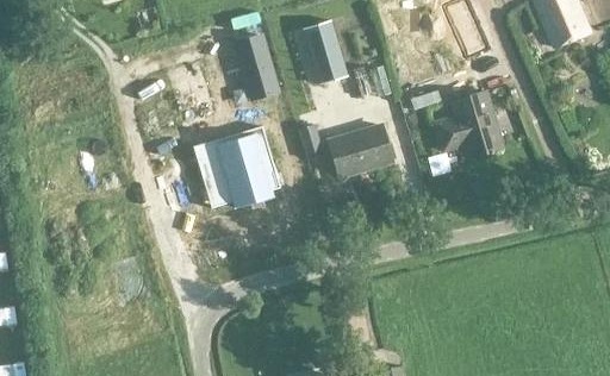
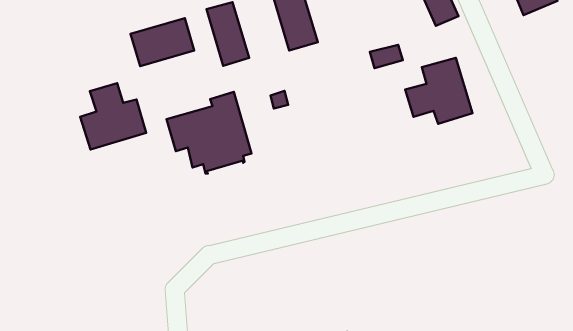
building: none -> [131,18,194,66]
building: none -> [80,83,146,150]
building: [328,124,391,176] -> none

